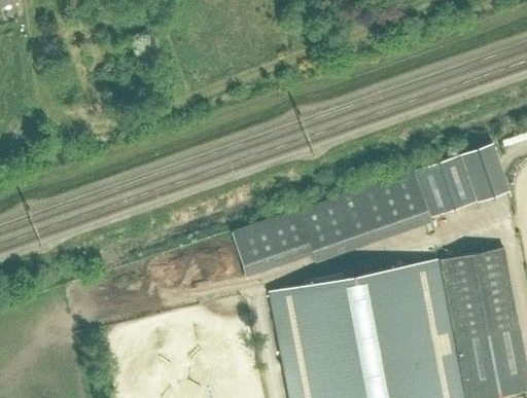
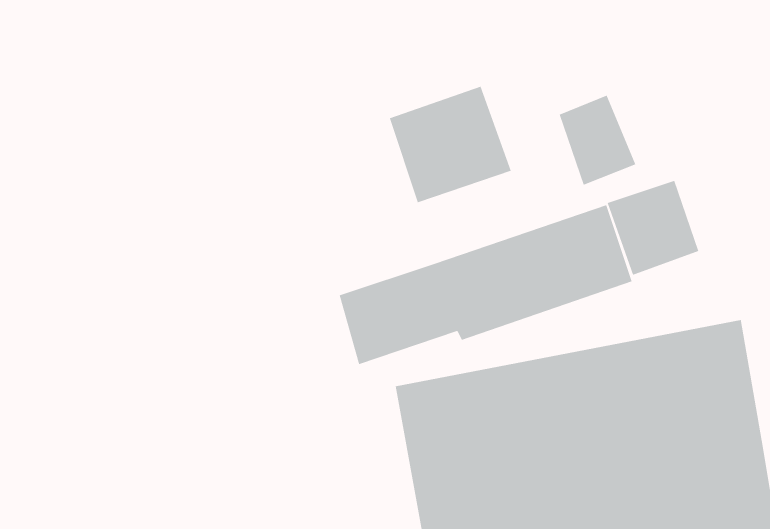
building: none -> [389,86,511,203]
building: [460,139,513,201] -> [559,95,636,186]

